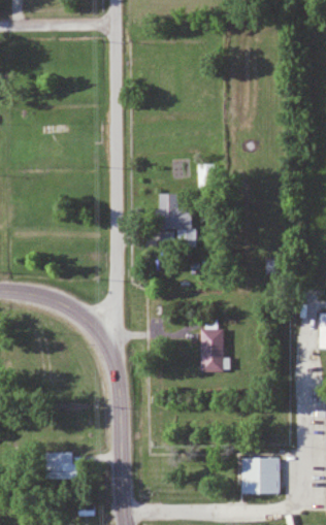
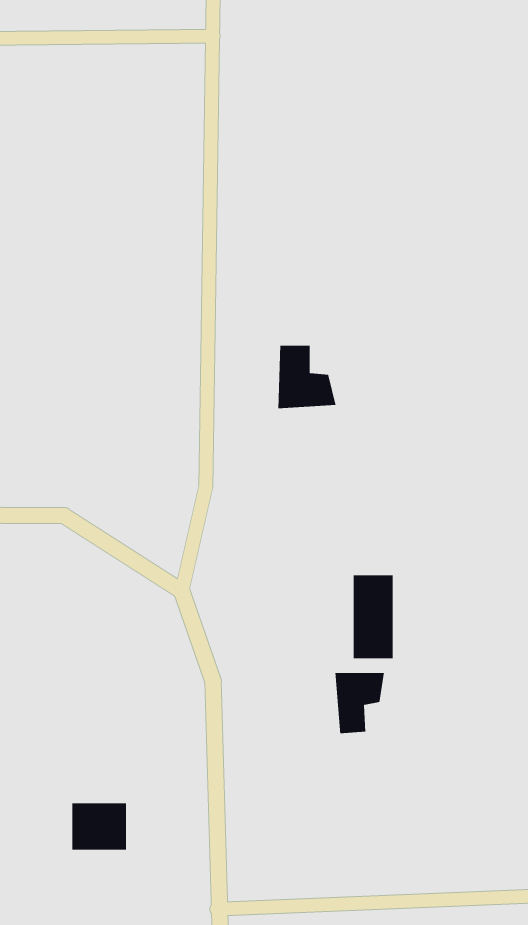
building: none -> [335,672,385,734]
building: [241,458,280,494] -> none

